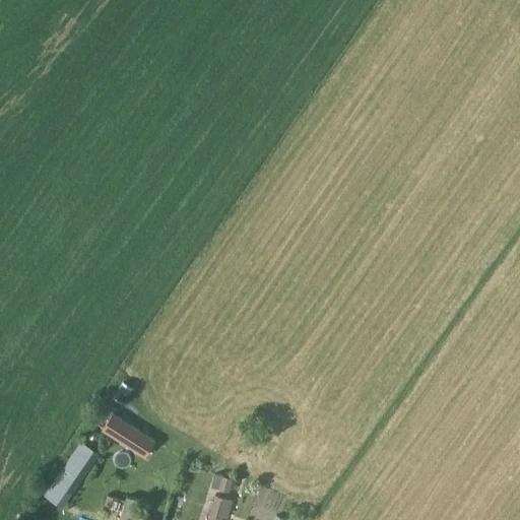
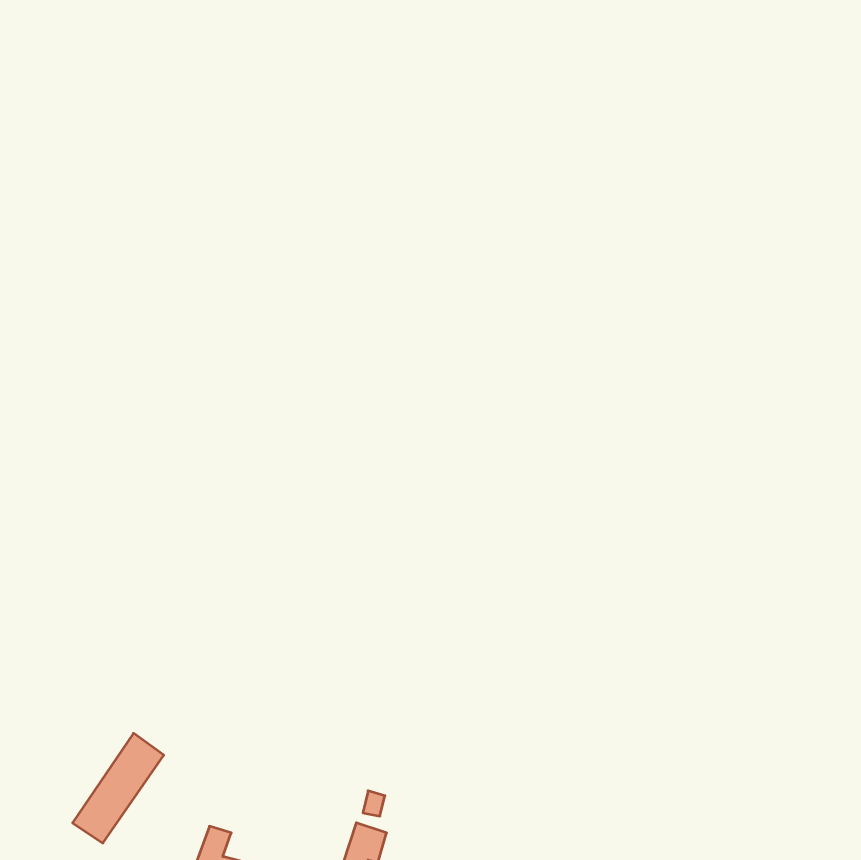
building: [101,414,154,460] -> none

